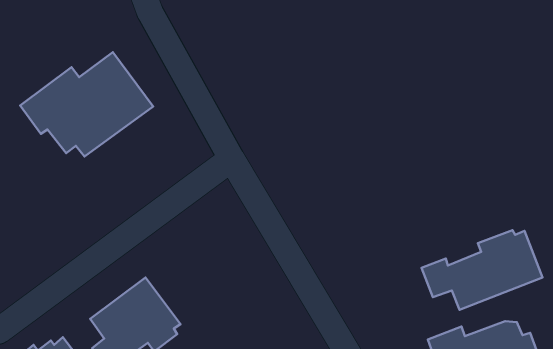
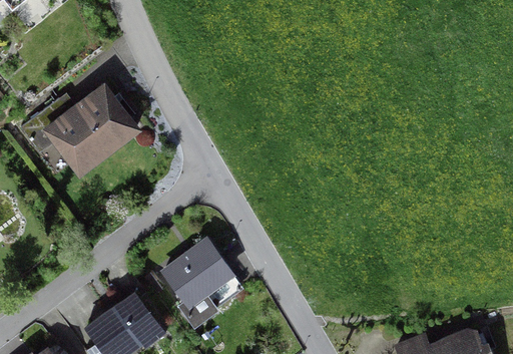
building: none -> [159,236,243,328]
building: [421,230,542,310] -> none

